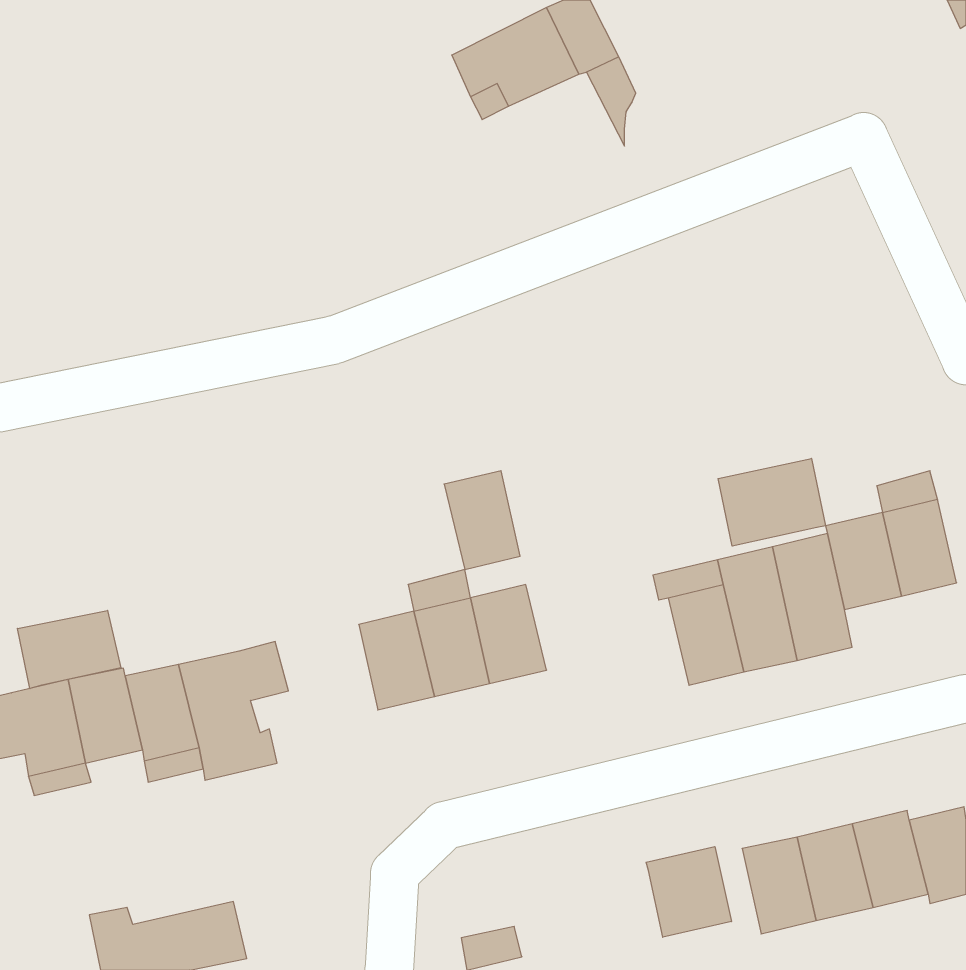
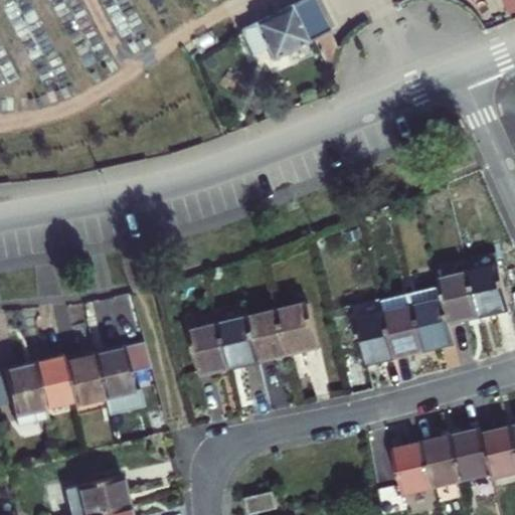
building: [718,458,826,546] -> none
building: [444,471,520,569] -> [279,303,319,355]
building: [17,610,121,689] -> none
building: [646,847,731,937] -> none

